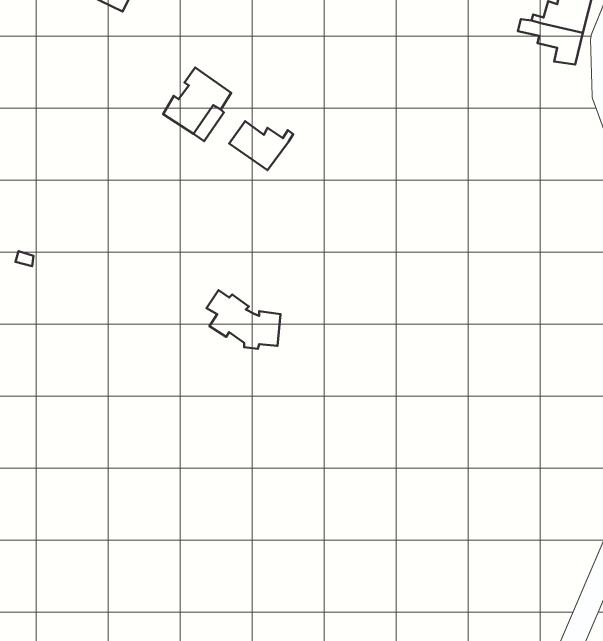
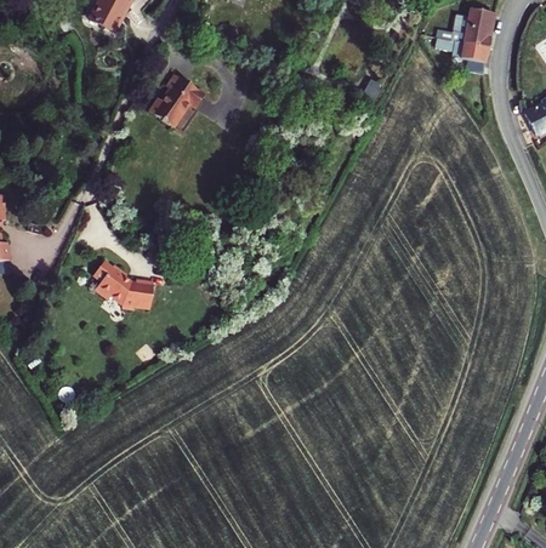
building: [229,121,293,170] -> none
building: [206,290,280,349] -> [95,262,154,309]

